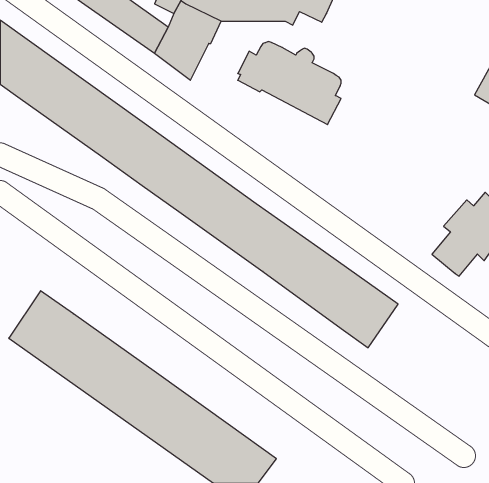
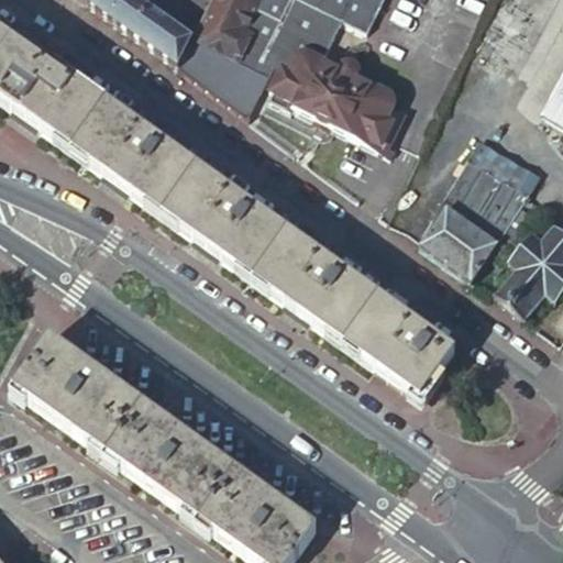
building: none -> [222,24,339,137]
building: none -> [422,152,531,277]

